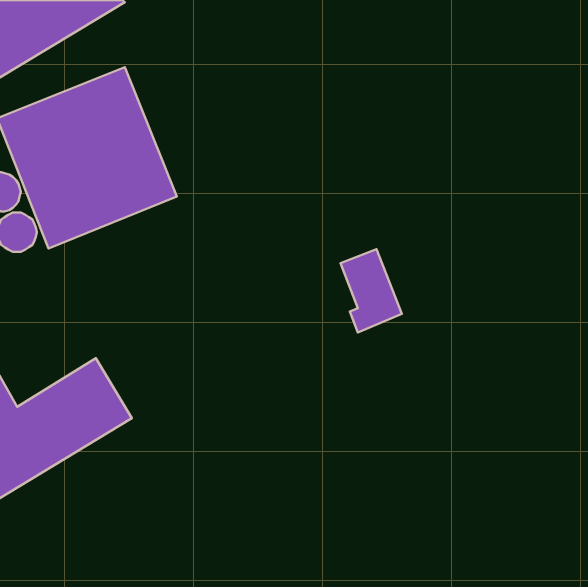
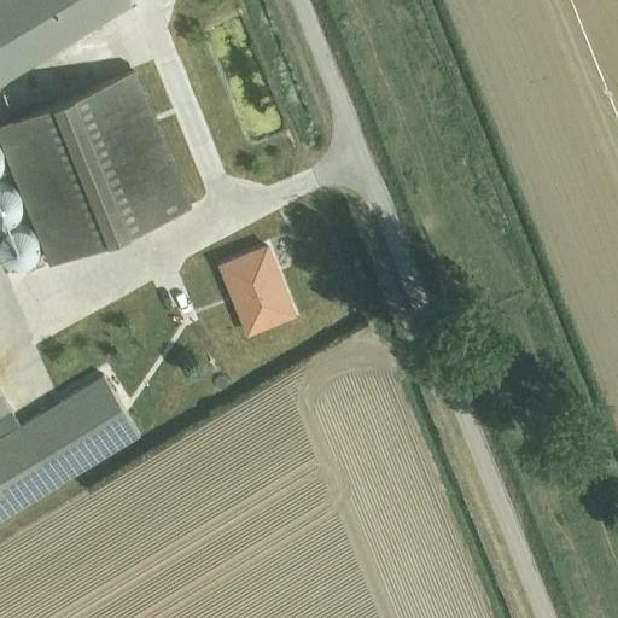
building: [341,249,402,332] -> [228,249,292,336]

